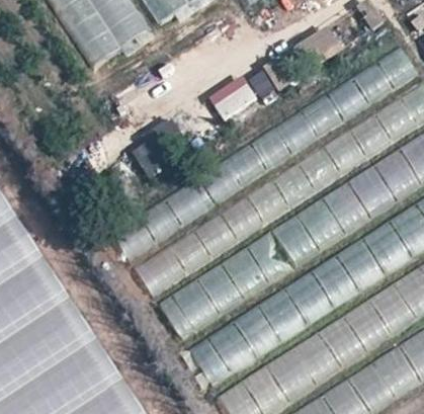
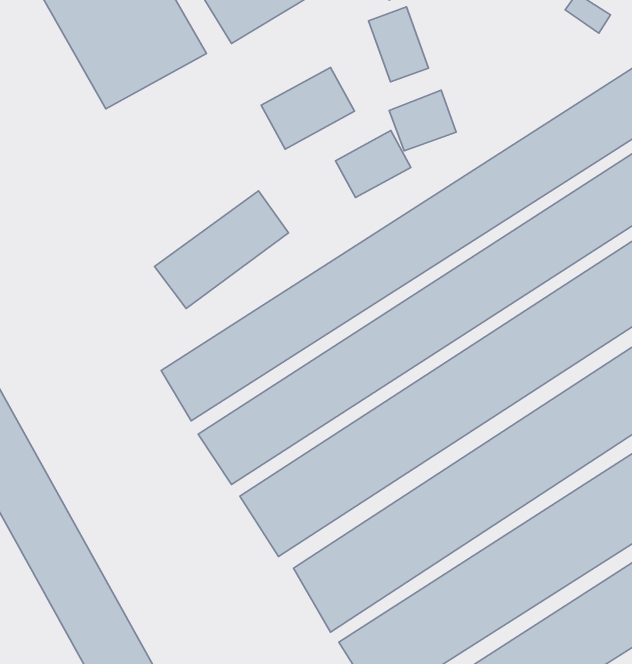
building: none -> [369,7,429,82]
building: none -> [261,67,355,149]

